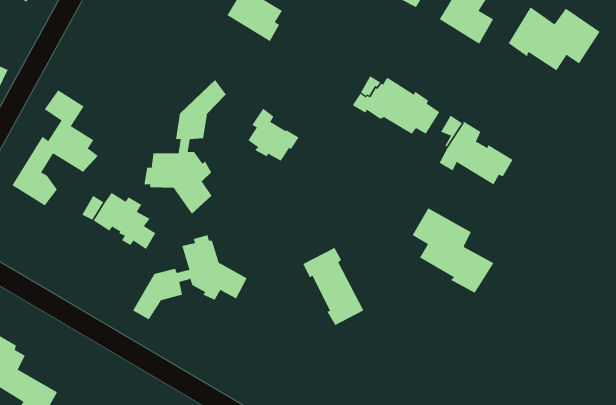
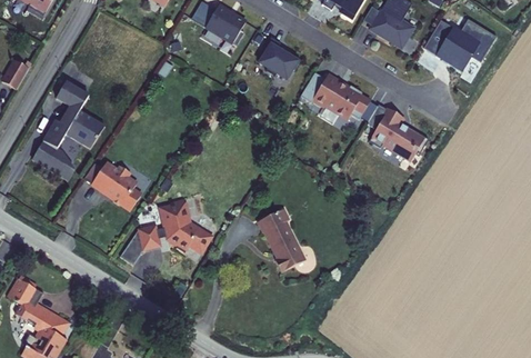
building: [144,79,227,215] -> none
building: [247,108,299,161] -> [258,36,299,78]
building: [412,208,494,293] -> none

